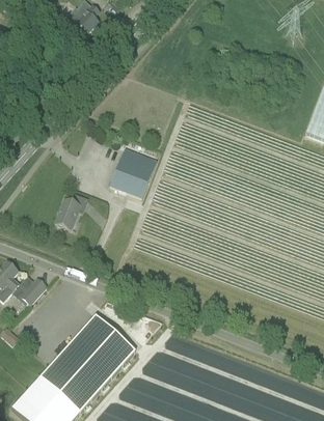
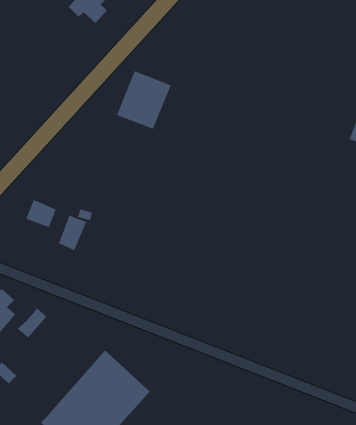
building: [111,146,159,197] -> [116,71,171,130]
building: none -> [26,199,56,228]

